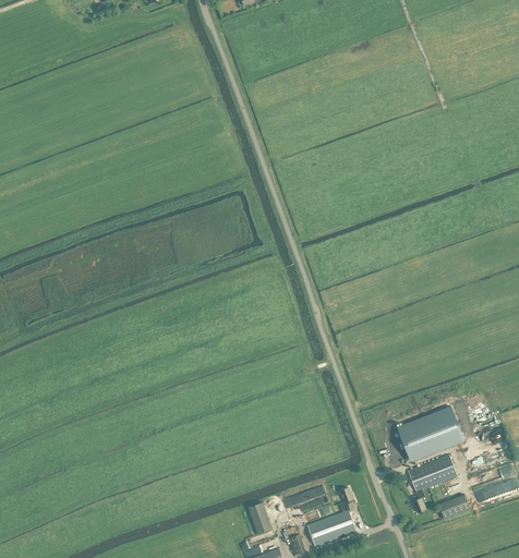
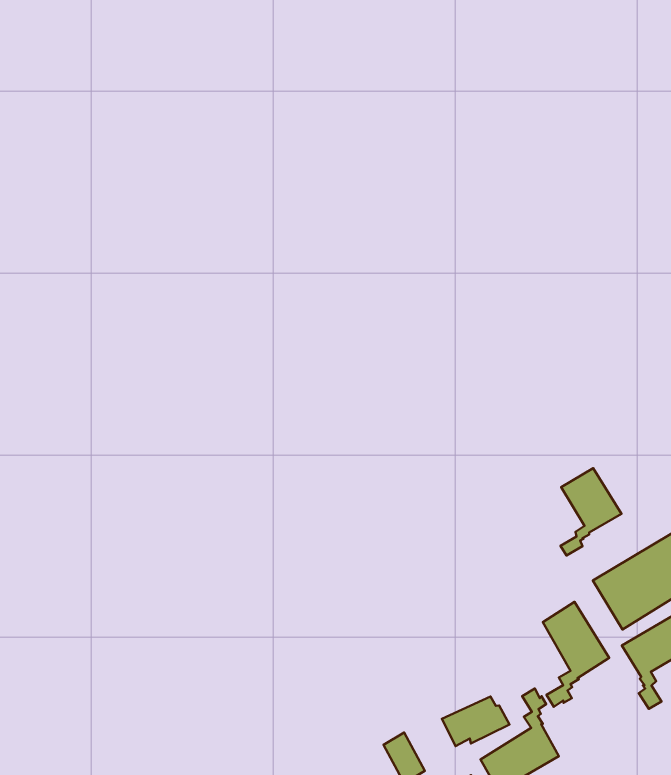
building: none -> [561,468,621,555]
building: none -> [543,602,609,707]

